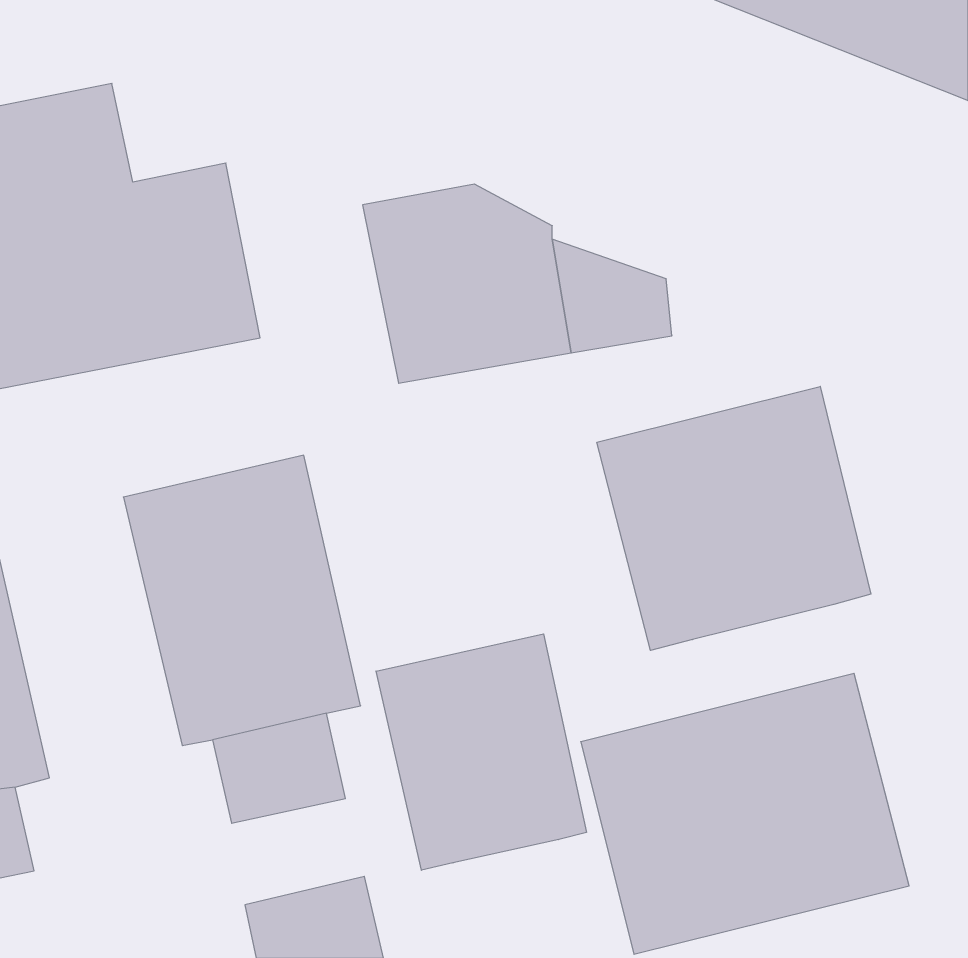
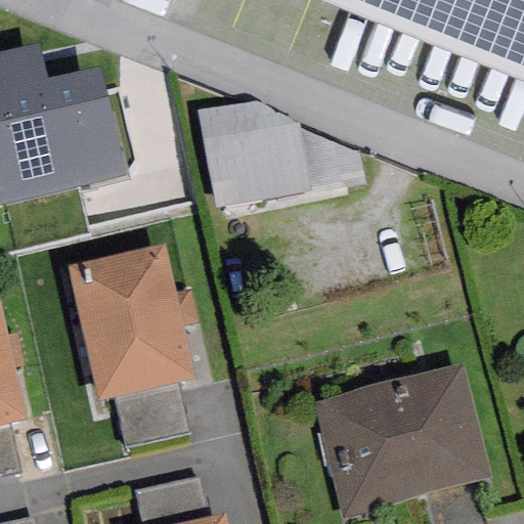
building: [597,386,871,650] -> none
building: [376,634,586,870] -> none

